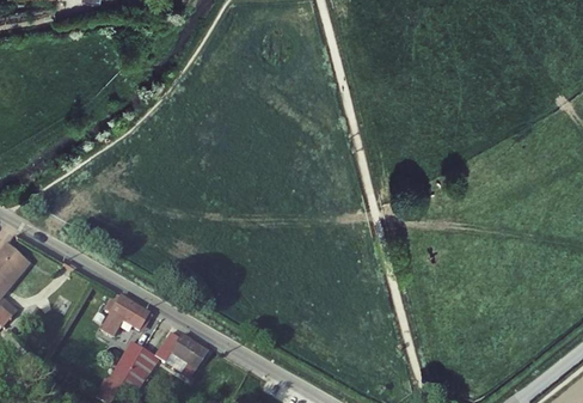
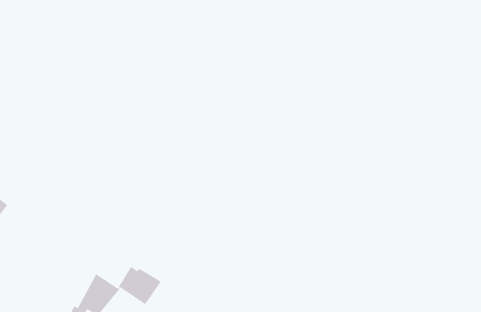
building: [100,291,152,335] -> none

